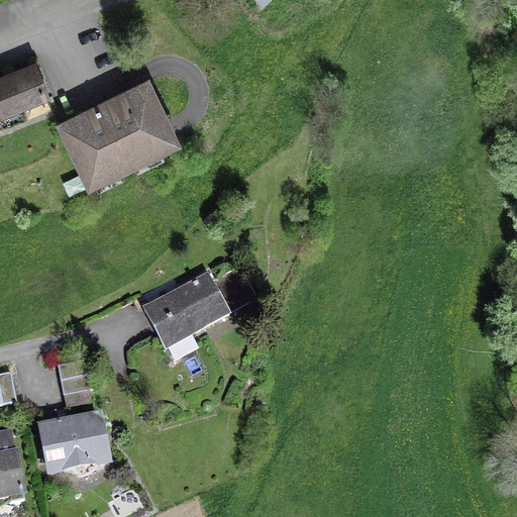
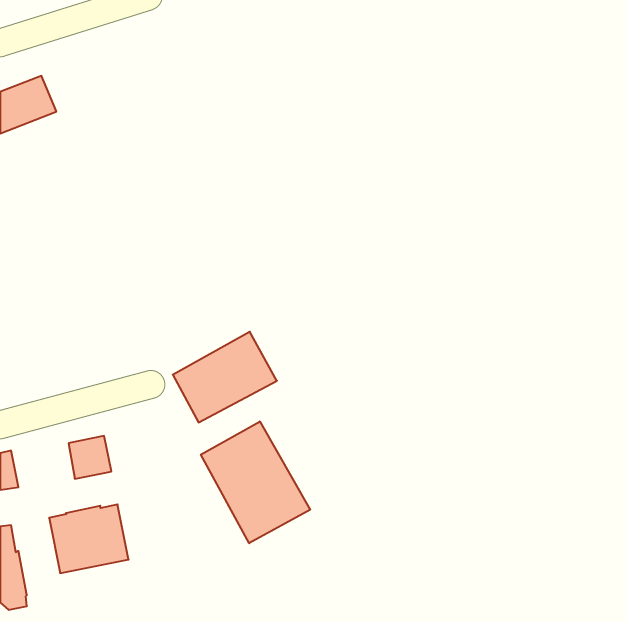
building: [62,82,173,180] -> none
building: none -> [201,421,310,543]

